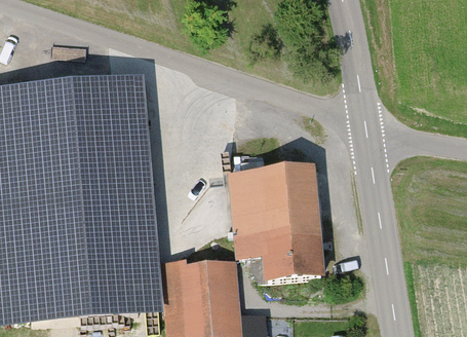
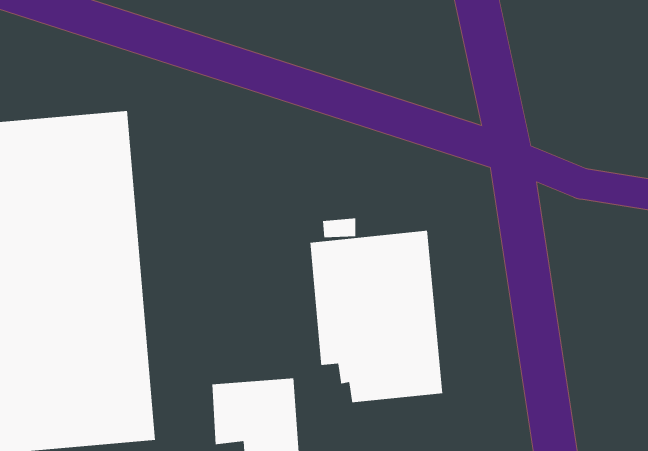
building: [111,82,160,303] -> none

